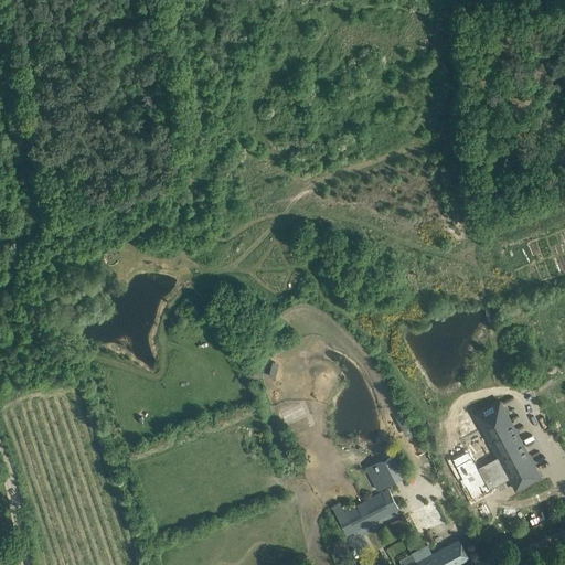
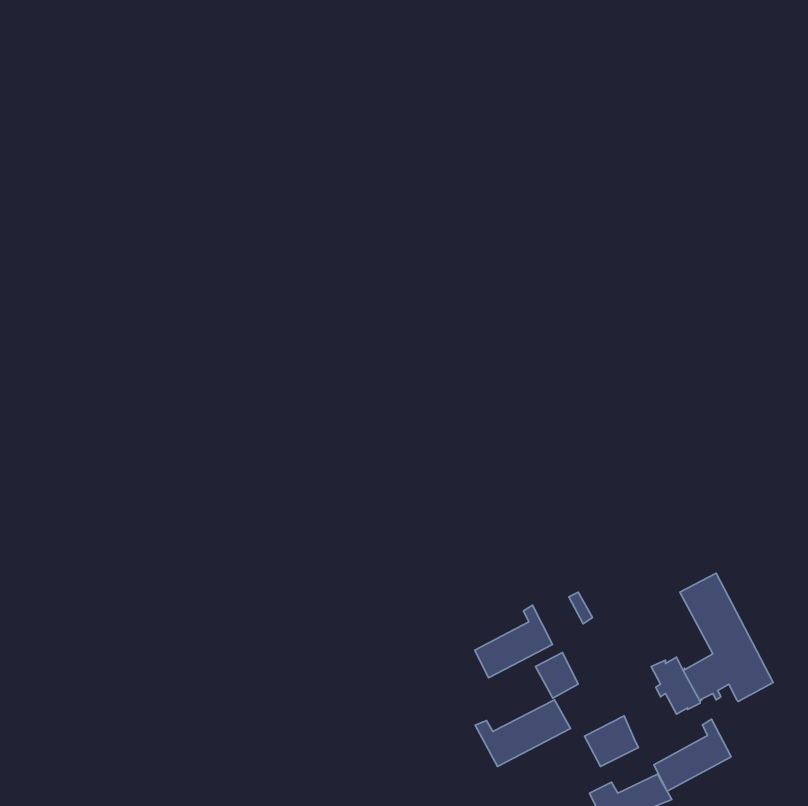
building: none -> [475,605,552,678]
building: none -> [654,719,731,791]

